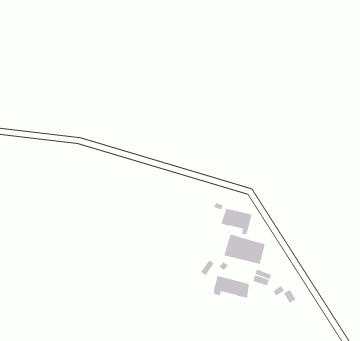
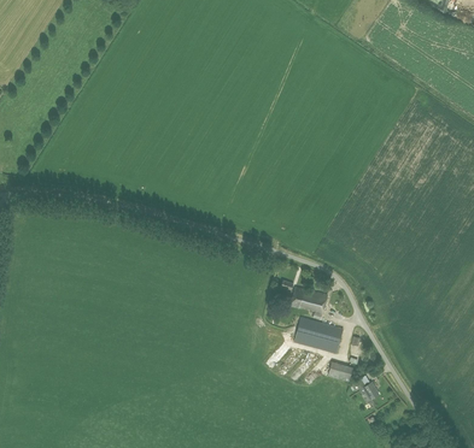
building: [214,275,250,298] -> none

